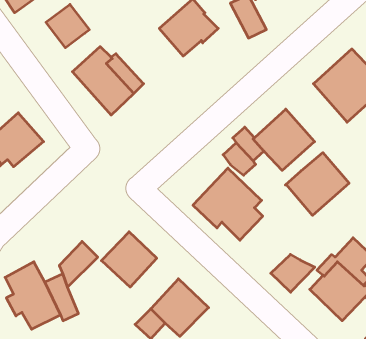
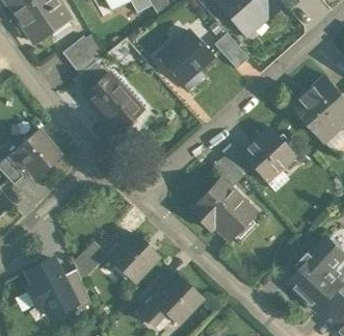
building: none -> [73,61,108,94]
building: [285,153,349,215] -> none
building: [271,254,315,292] -> none

